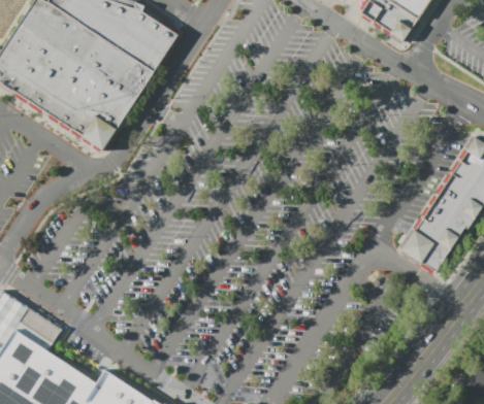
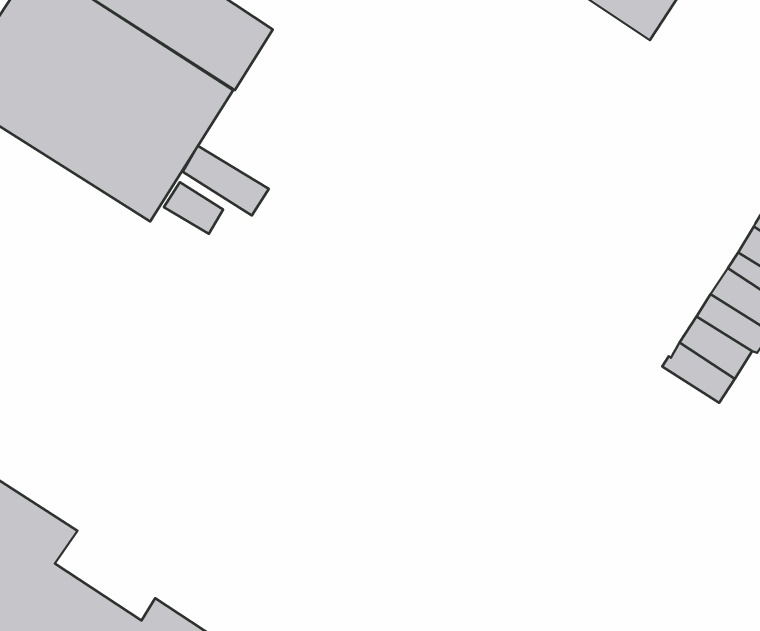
building: none -> [183,146,269,216]
building: none -> [164,182,223,234]
building: [402,234,445,269] -> none

